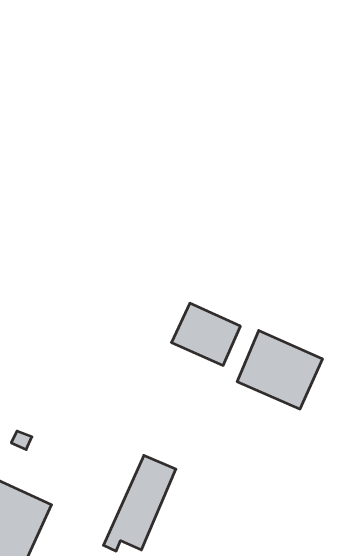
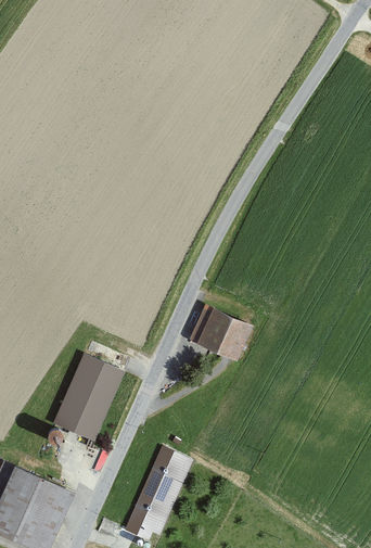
building: [237,330,322,409] -> none
building: none -> [53,354,125,442]

